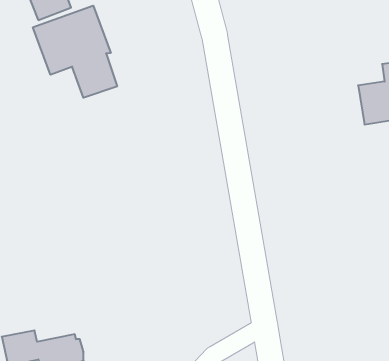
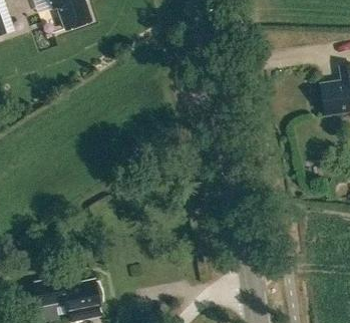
building: [33,6,117,98] -> none

